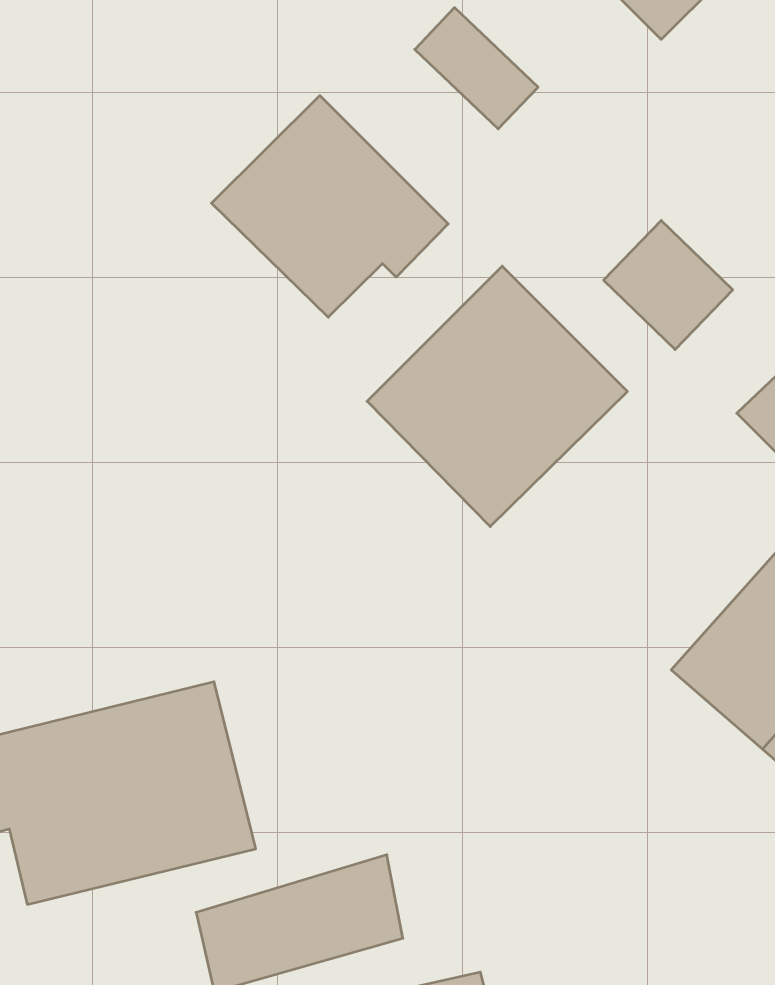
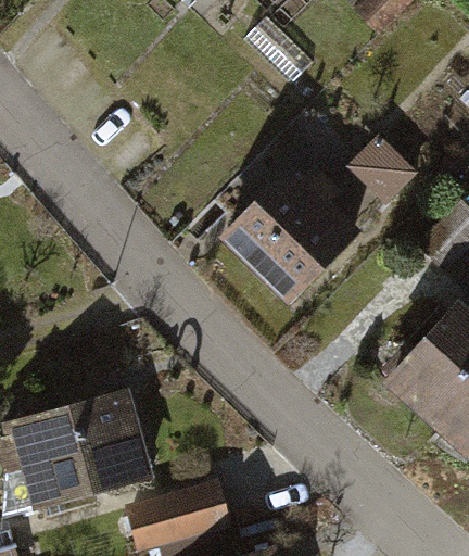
building: [211,96,448,317] -> none

